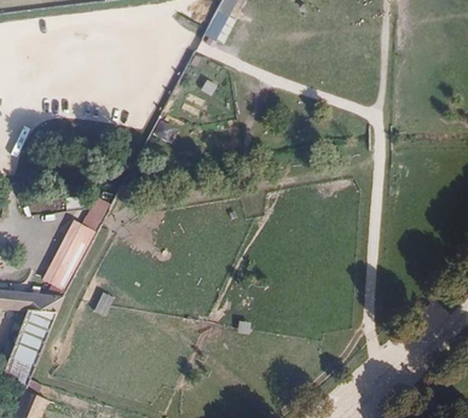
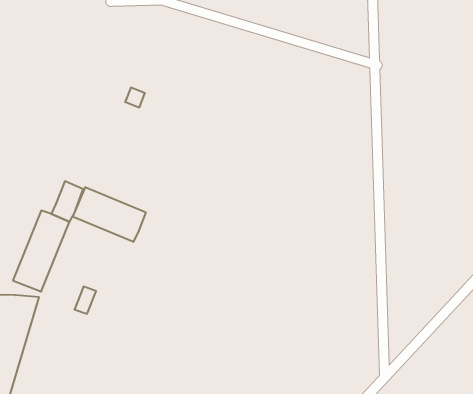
building: none -> [73,187,146,242]

